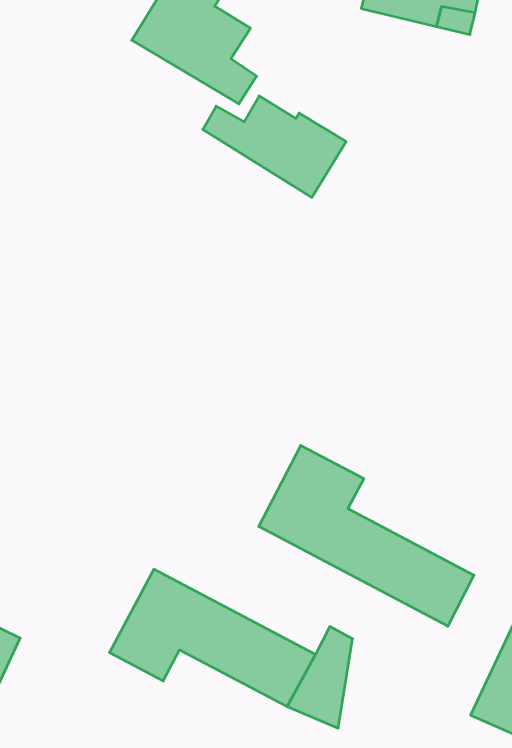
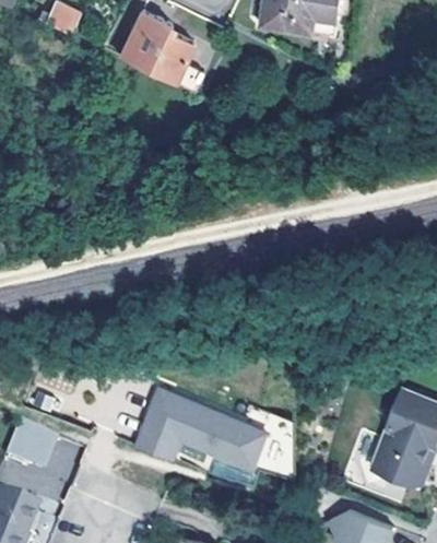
building: [203,96,346,197] -> none
building: [259,445,474,626] -> none

